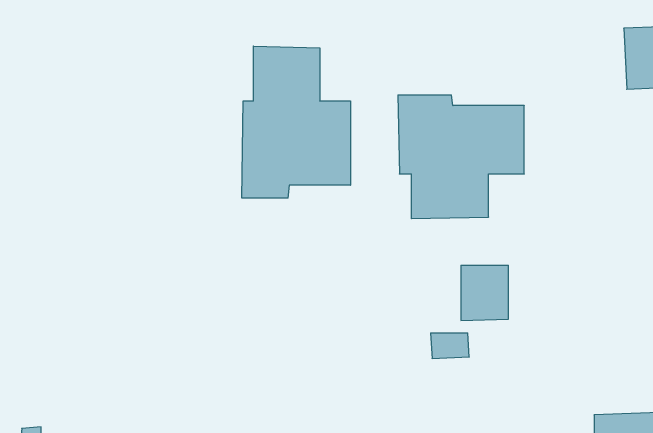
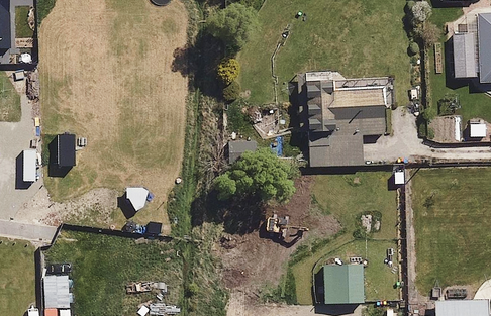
building: [242,46,350,198] -> none
building: [461,265,508,320] -> [331,266,364,303]

